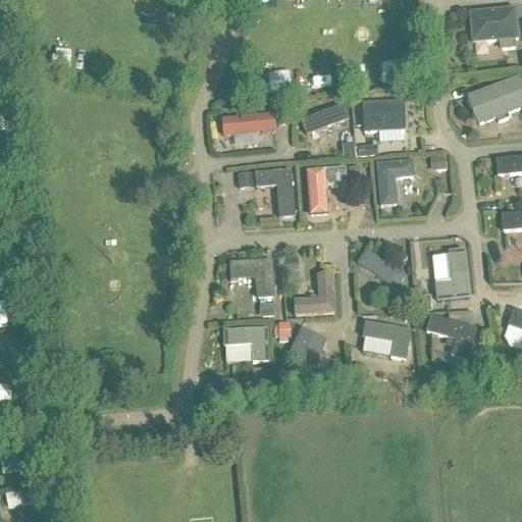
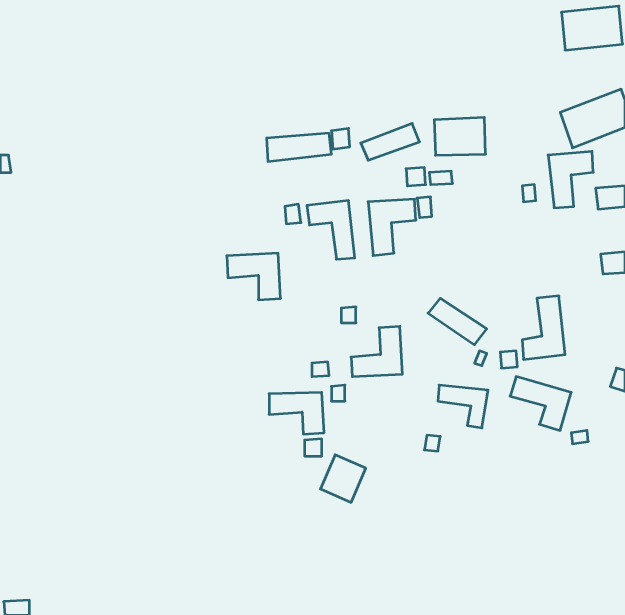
building: [376,158,414,205] -> [548,151,593,208]
building: [230,258,275,297] -> [227,253,281,300]
building: [289,325,326,365] -> [320,455,366,502]

